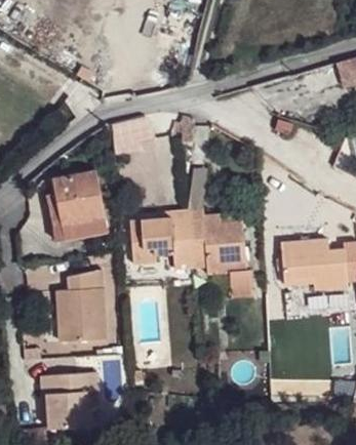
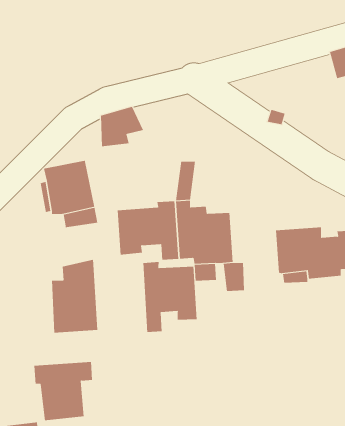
building: none -> [143,261,197,333]

